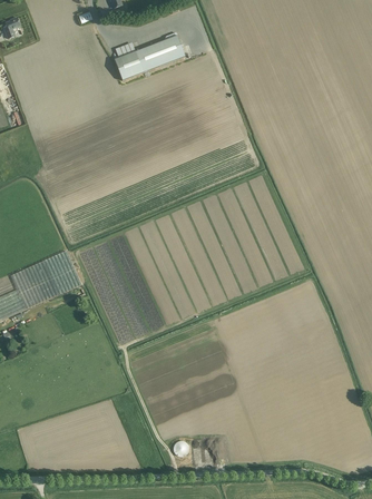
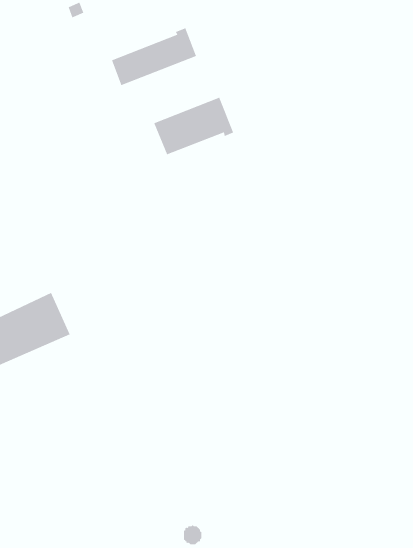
building: none -> [154,97,234,155]

